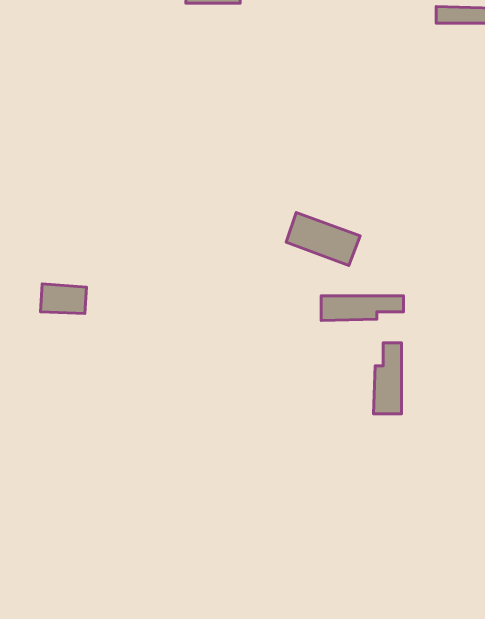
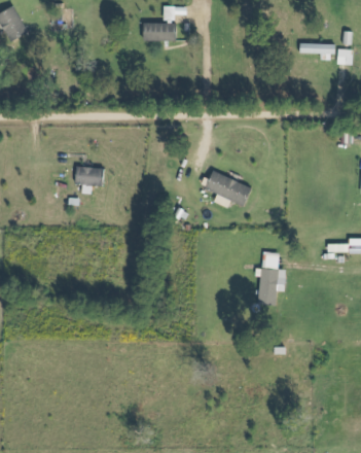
building: [41,284,87,314] -> [75,167,104,185]
building: [321,296,404,320] -> none

